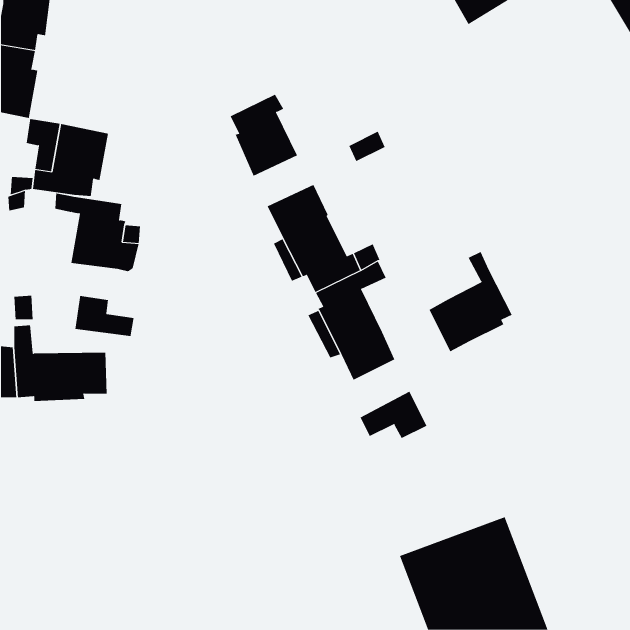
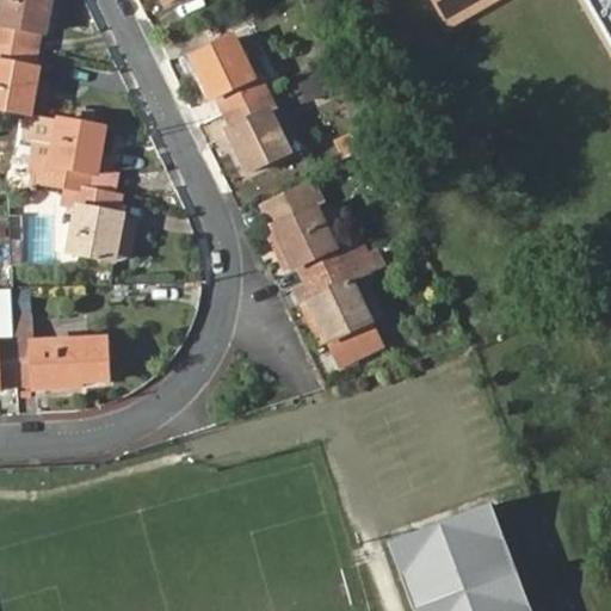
building: none -> [192,38,267,112]
building: [429,251,513,352] -> none
building: [75,295,134,337] -> none
building: [360,391,427,439] -> none

